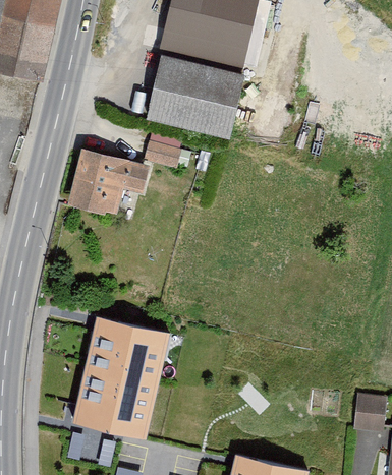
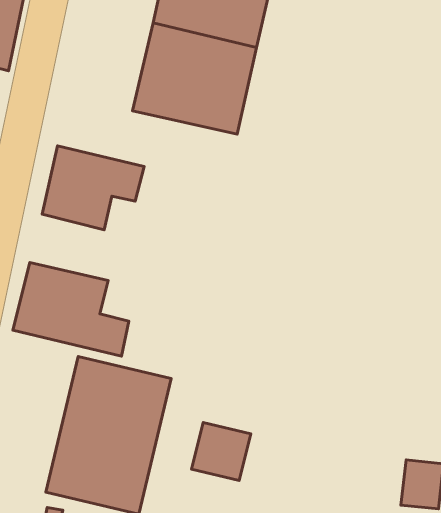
building: [145,133,182,169] -> none
building: none -> [13,263,129,356]
building: none -> [192,423,251,480]

